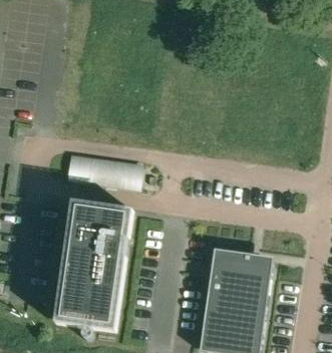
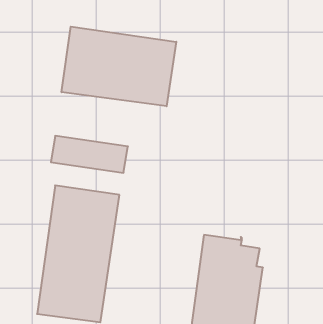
building: none -> [62,27,176,106]

